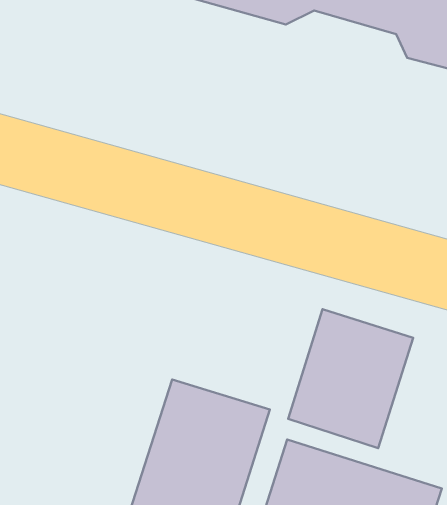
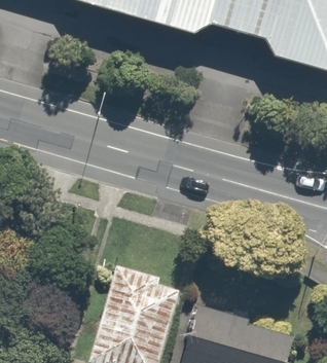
building: [288,309,413,448] -> none

